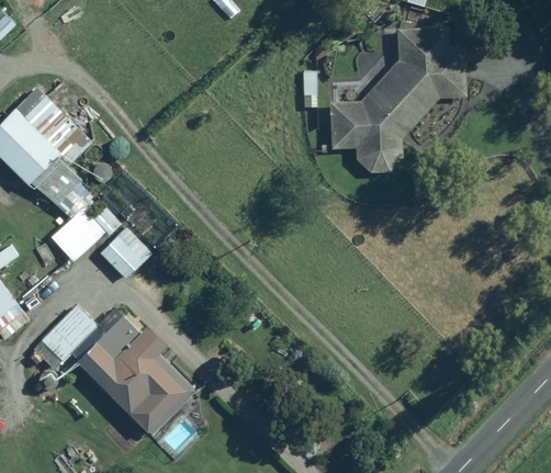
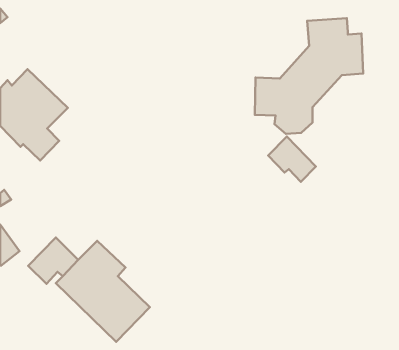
building: none -> [268,137,316,182]
building: [47,203,106,261] -> none
building: [101,228,154,281] -> none

